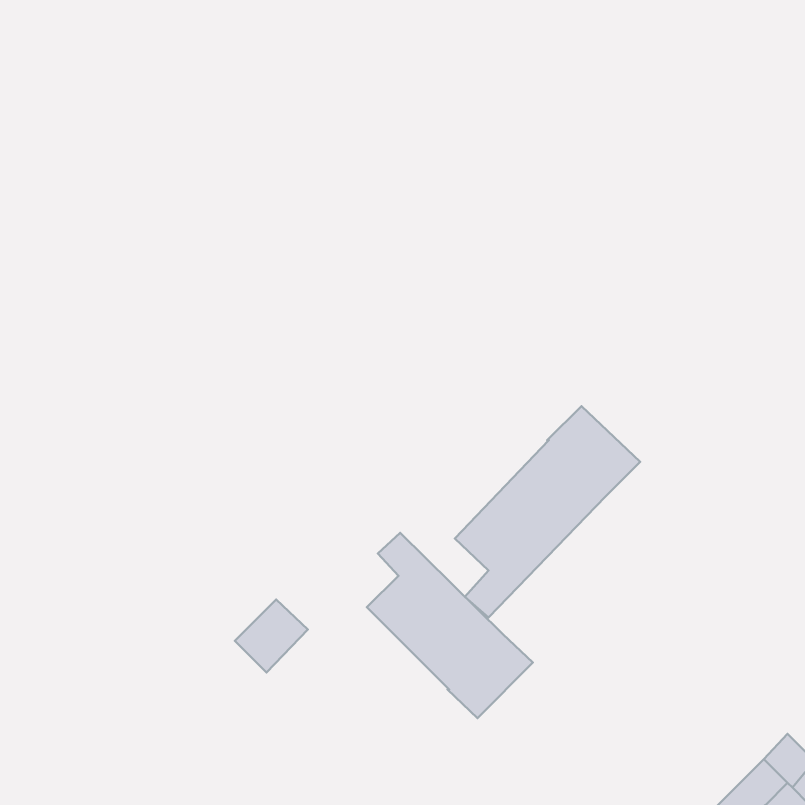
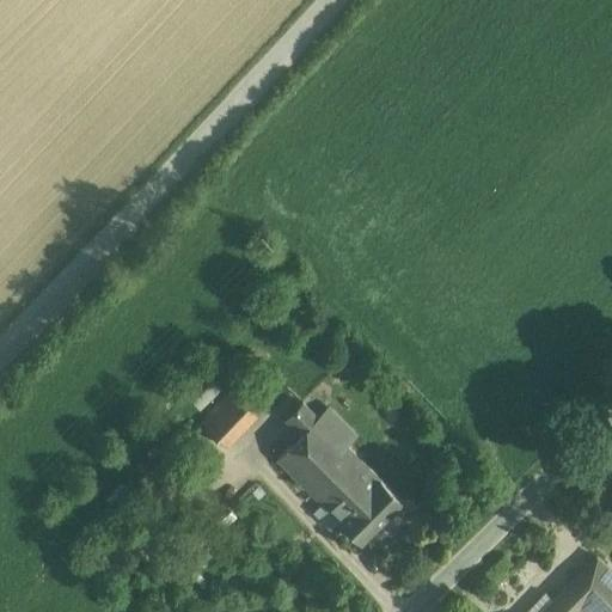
building: [455,406,640,617] -> none
building: [235,600,308,672] -> [204,393,259,448]

